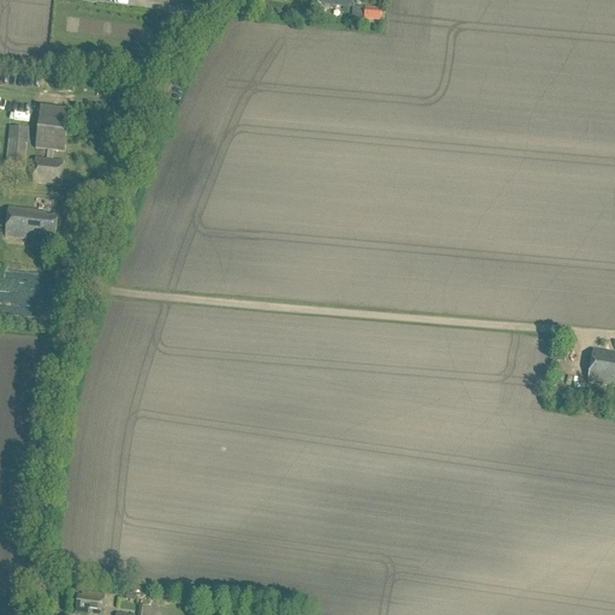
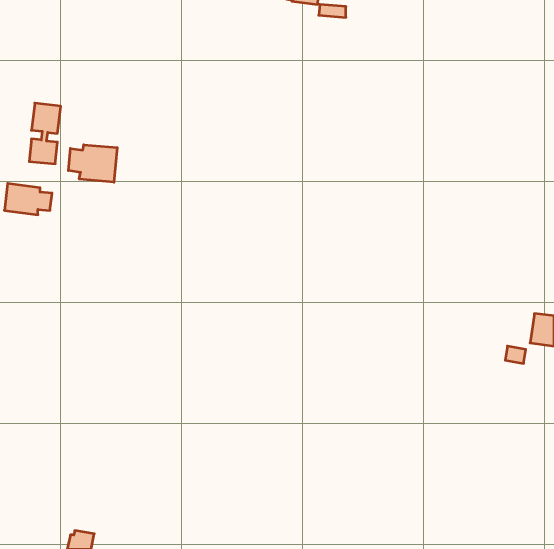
building: [5,121,29,165] -> none
building: none -> [68,145,117,182]

